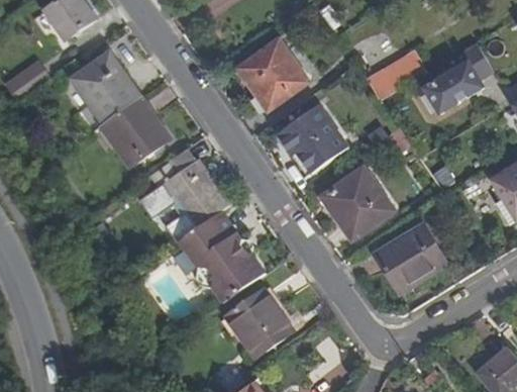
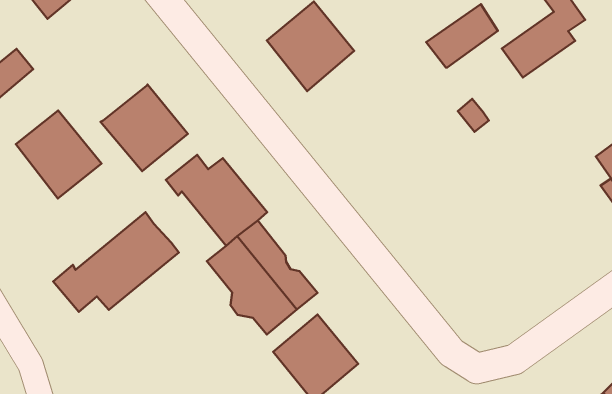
building: [73,53,139,122] -> [16,111,101,198]
building: [276,103,347,175] -> none
building: [321,166,392,237] -> none
building: none -> [53,212,179,312]
building: [374,225,445,292] -> none

